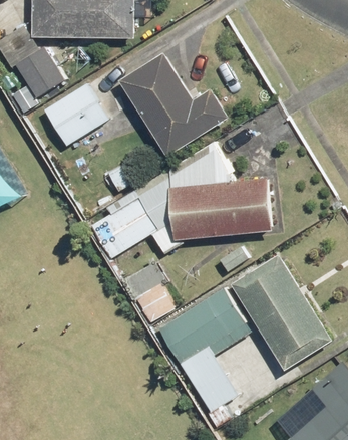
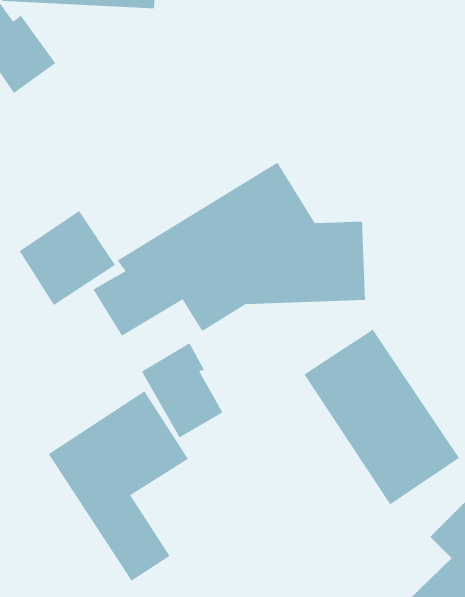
building: [120,53,230,156] -> none
building: [44,82,108,146] -> [19,210,116,306]
building: [157,285,251,412] -> [48,390,189,582]

